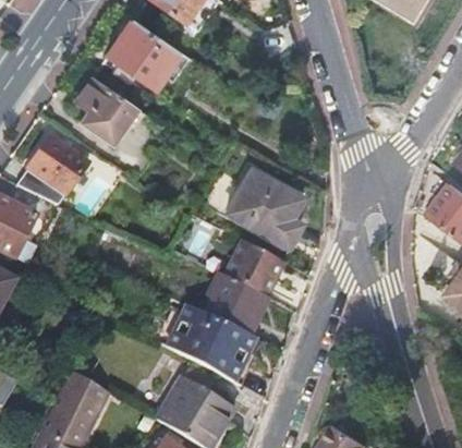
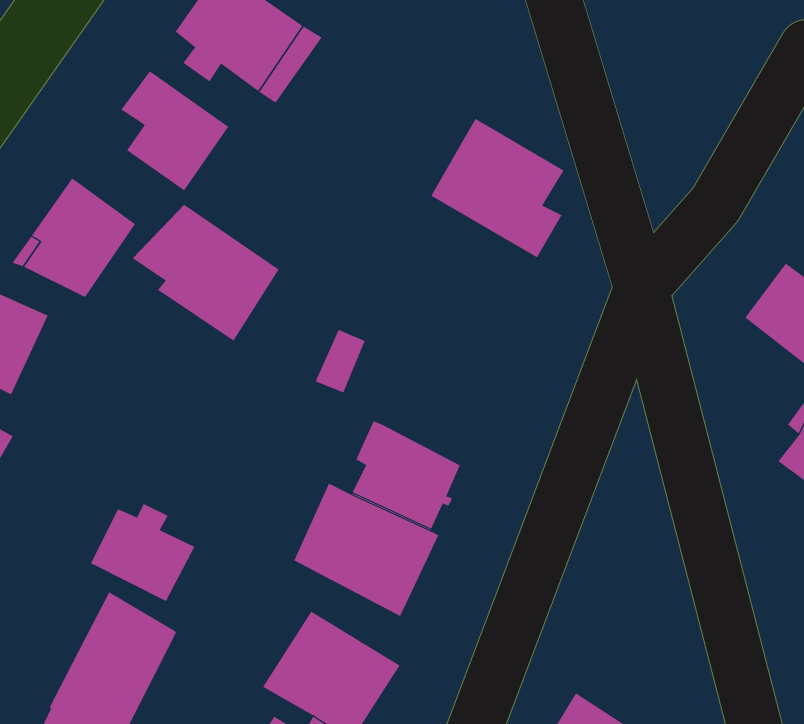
building: none -> [132,204,279,342]
building: [228,169,303,247] -> [430,118,565,258]
building: [223,240,284,298] -> none
building: none -> [90,503,195,602]

